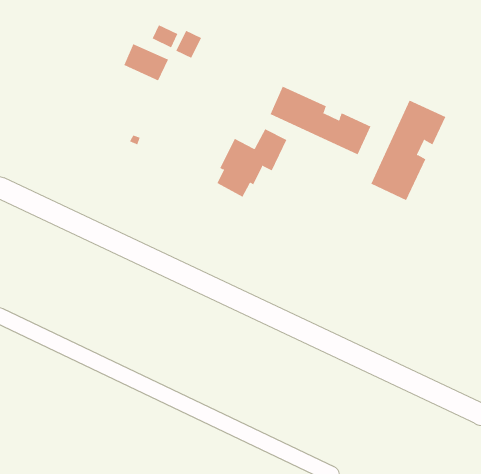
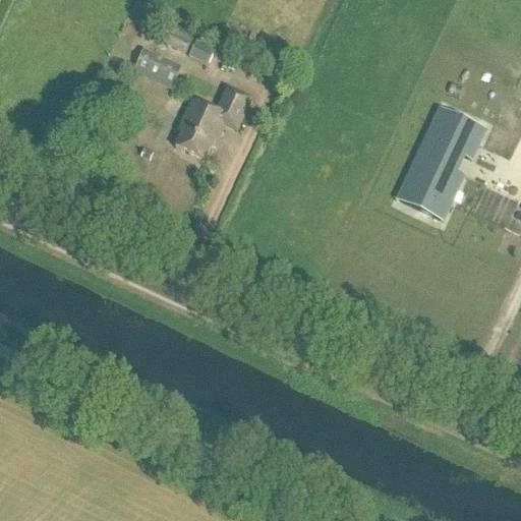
building: [270,86,371,155] -> none
building: [217,129,287,197] -> [175,83,251,158]

